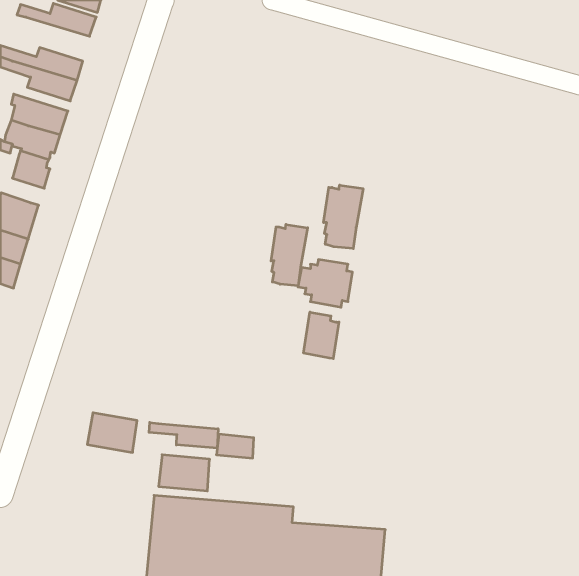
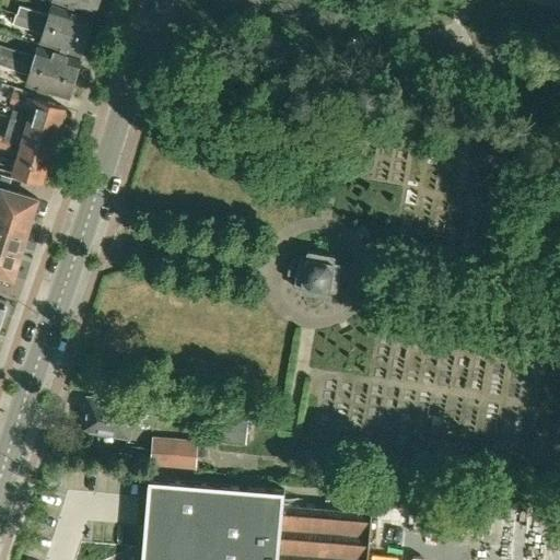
building: none -> [13,18,86,57]
building: [324,185,363,249] -> none
building: [271,224,308,286] -> none
building: [304,312,339,359] -> none
building: [149,422,218,448] -> none

